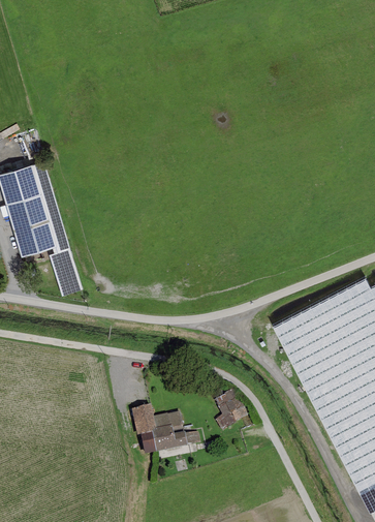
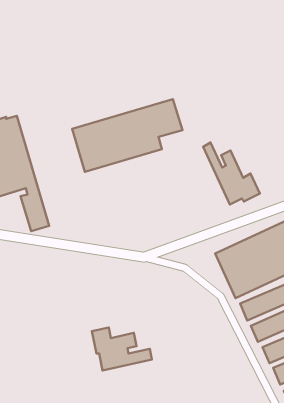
building: none -> [72,99,182,172]
building: none -> [203,143,260,204]
building: [214,392,248,433] -> none

